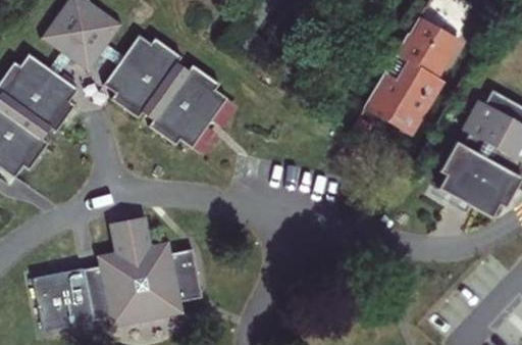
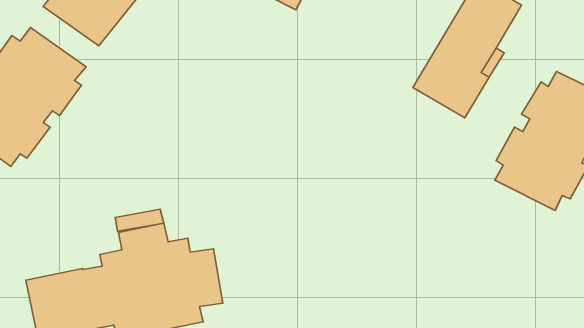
building: [103,36,228,147] -> none

